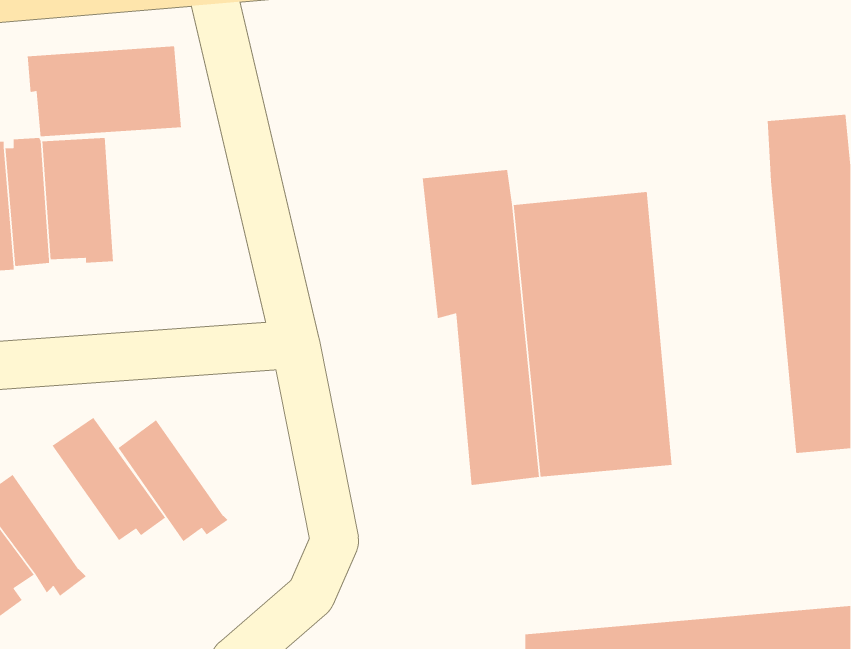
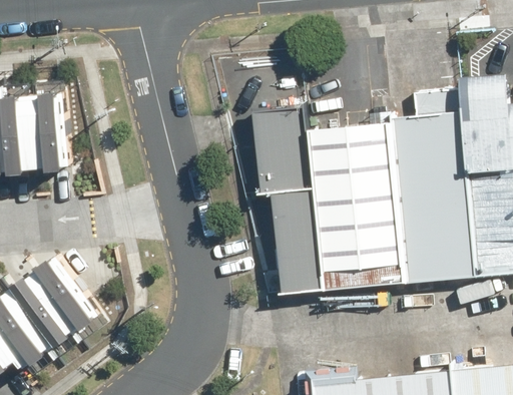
building: [27,45,182,137] -> none
building: none -> [386,114,474,284]
building: [117,419,228,542] -> [8,272,74,345]

